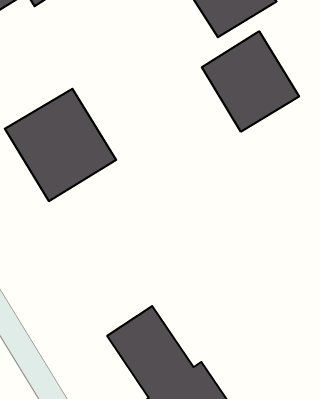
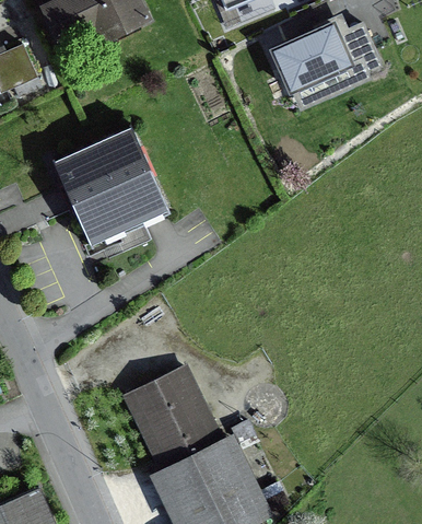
building: [202,31,299,132] -> none

